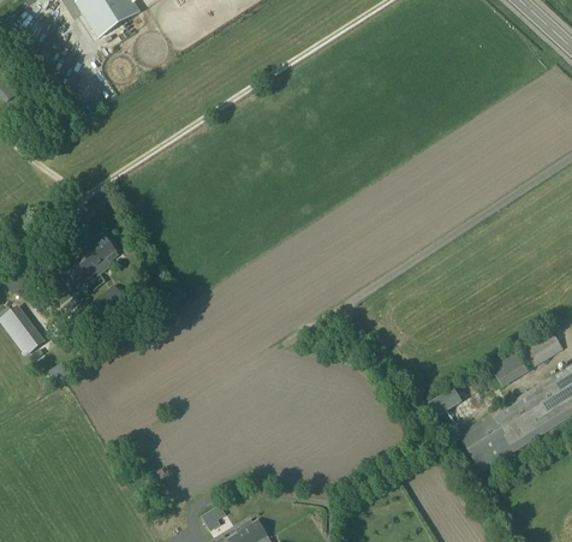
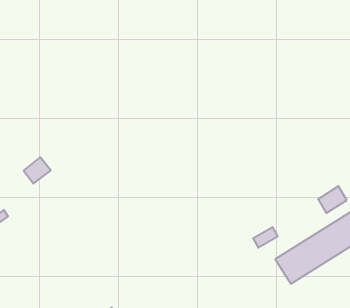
building: [62,236,118,285] -> none
building: [491,349,530,386] -> none

